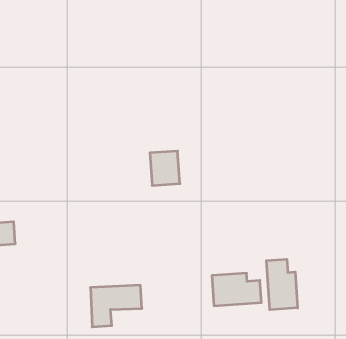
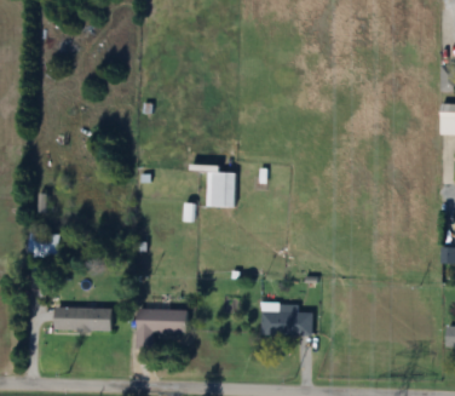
building: [266,259,298,310] -> none
building: none -> [54,306,111,333]

